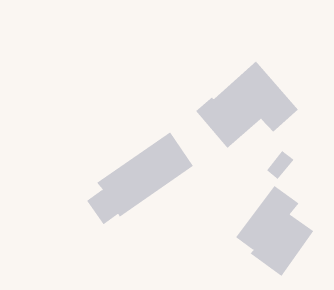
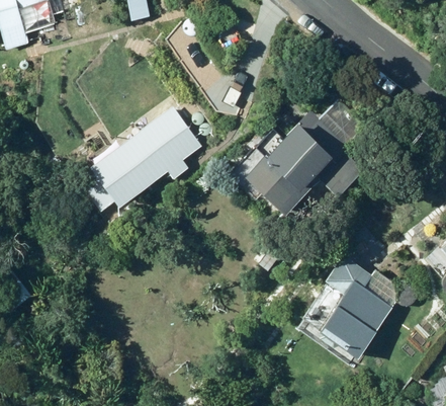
building: [86,131,194,225] -> [82,105,202,218]

